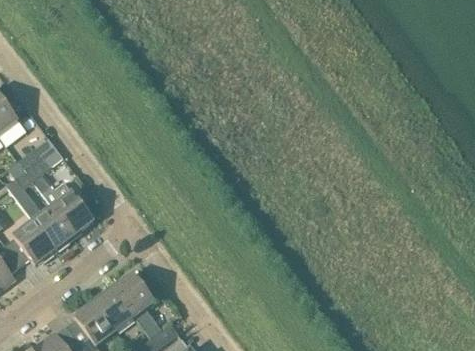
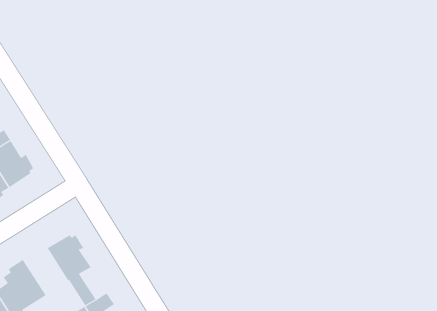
building: [91,288,134,331] -> none

